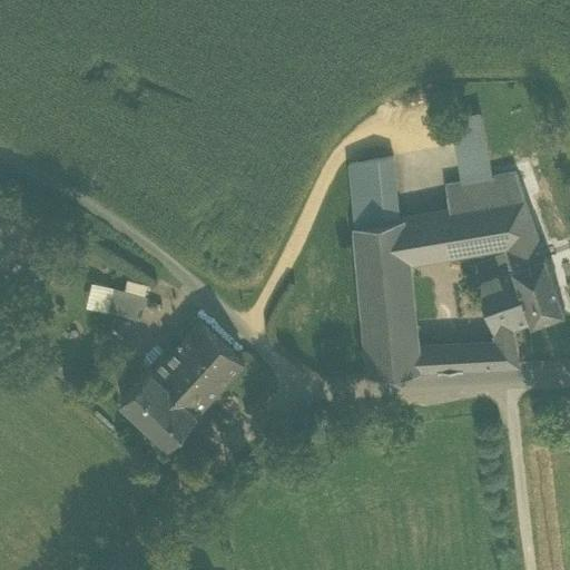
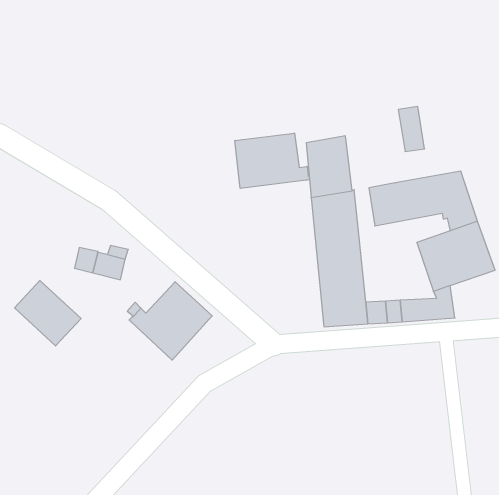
building: none -> [235,133,310,188]
building: [445,176,524,214] -> none
building: [403,219,426,265] -> none
building: [120,372,196,446] -> [15,280,81,346]

